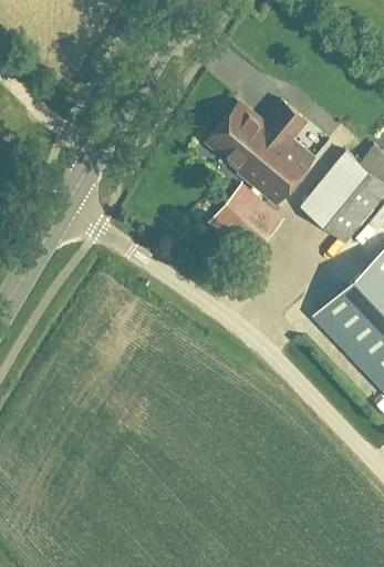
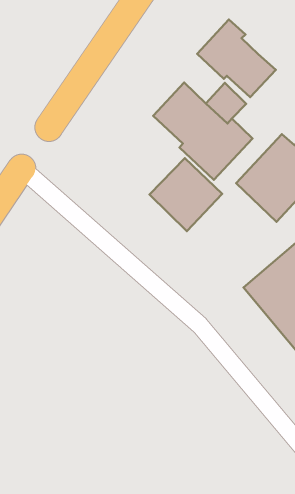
building: none -> [197,19,276,97]

